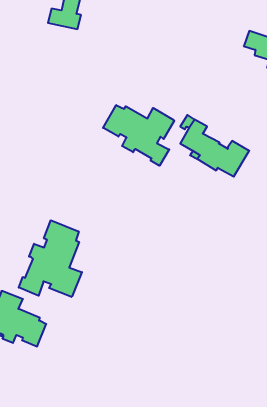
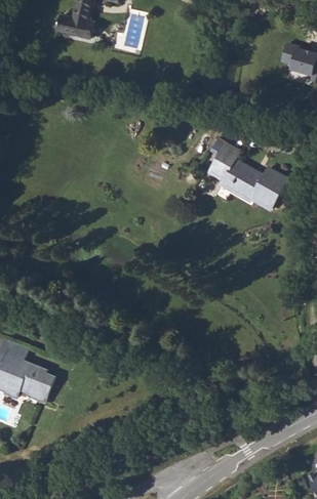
building: [103,105,174,166] -> none
building: [19,220,82,297] -> none

